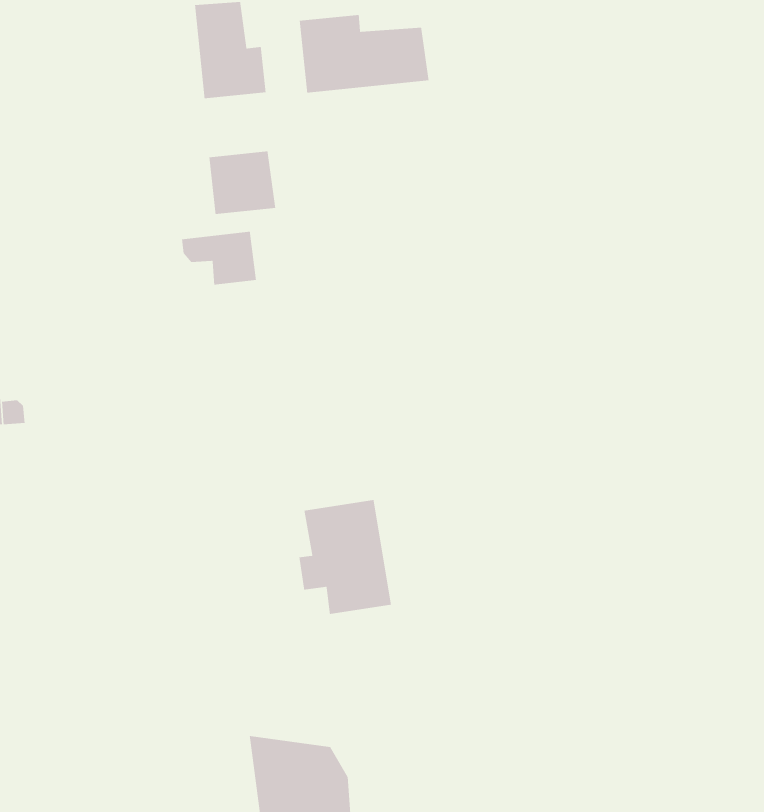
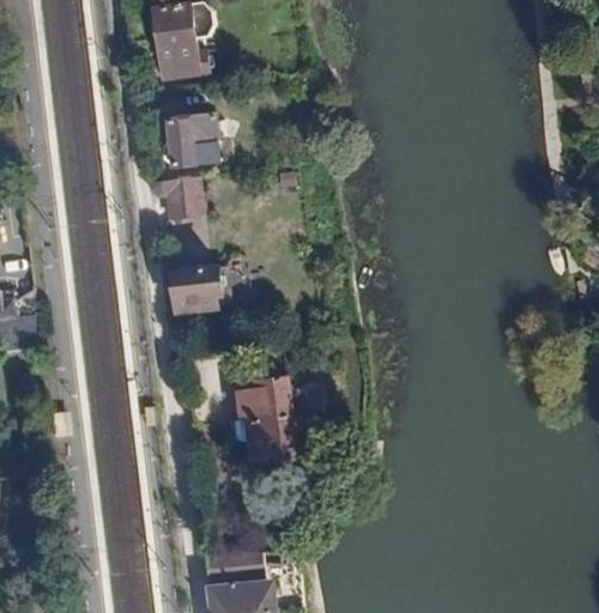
building: [299,14,429,94] -> none
building: none -> [171,267,223,314]

